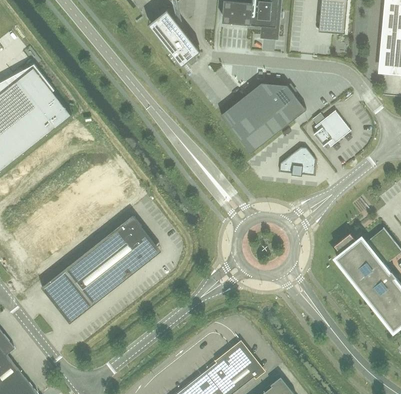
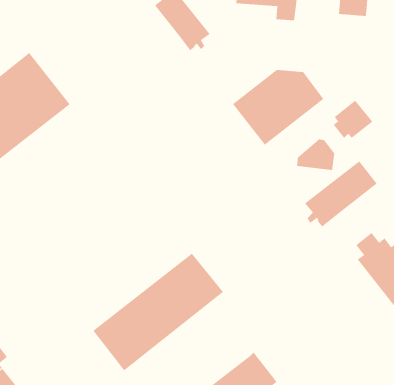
building: none -> [304,161,378,228]
building: [40,215,161,324] -> [93,253,224,371]

